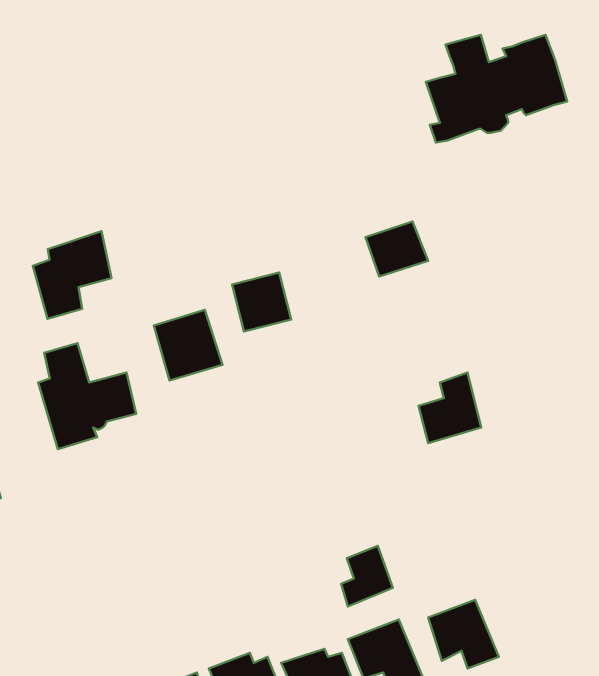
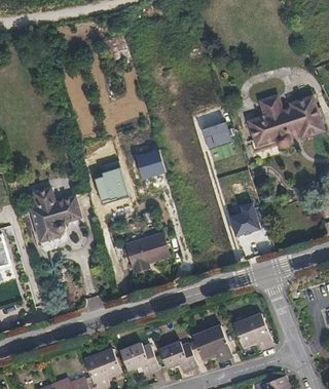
building: [426,35,567,143] -> [247,93,321,150]
building: [33,231,112,319] -> none
building: none -> [129,233,170,270]
building: [341,546,393,606] -> none

